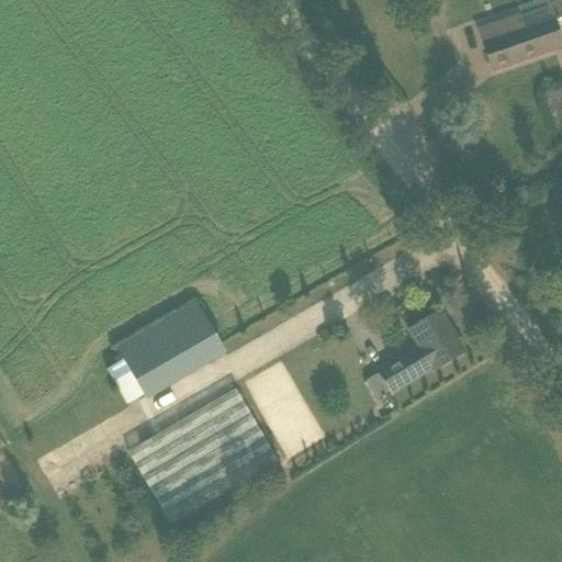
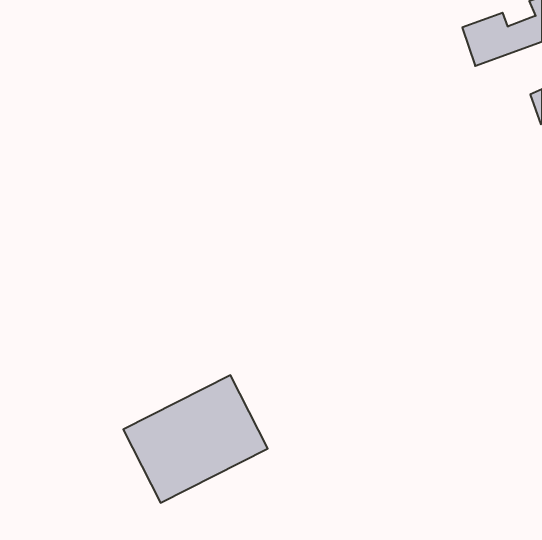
building: [114,301,223,396] -> none
building: [376,311,463,392] -> none

